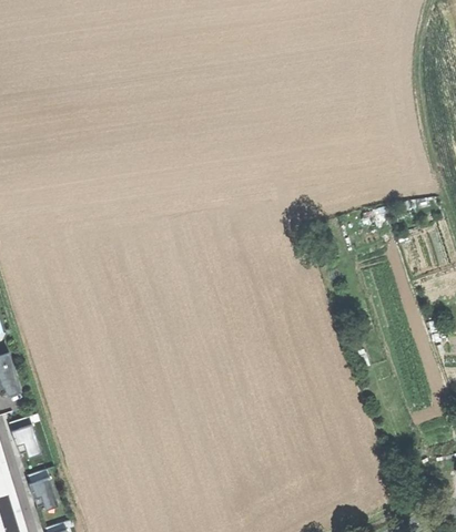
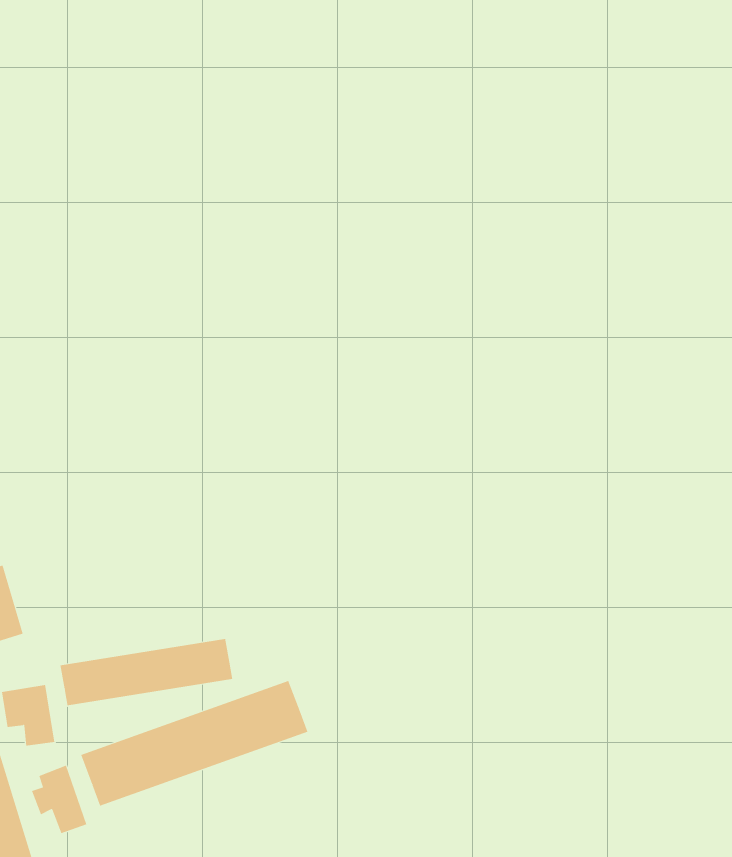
building: none -> [60,638,233,706]
building: none -> [80,680,308,807]

